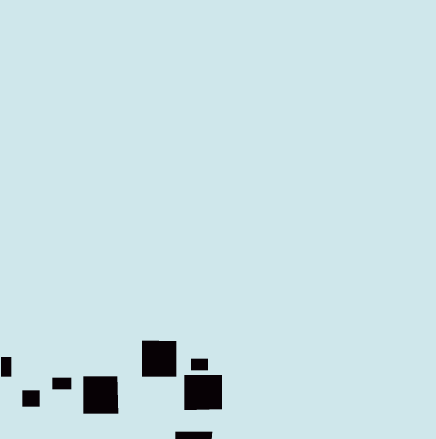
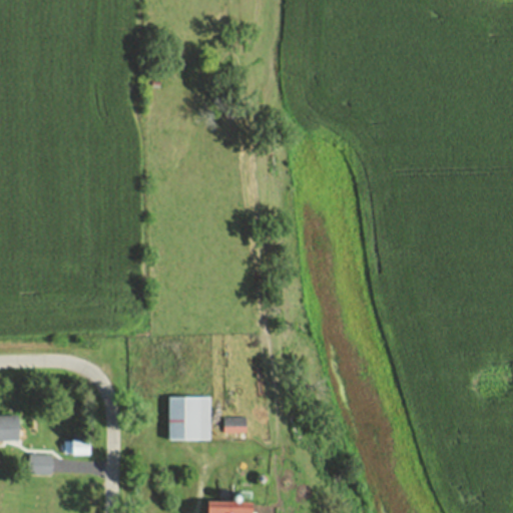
building: [184,374,223,411] -> none
building: [83,375,119,415] -> none

